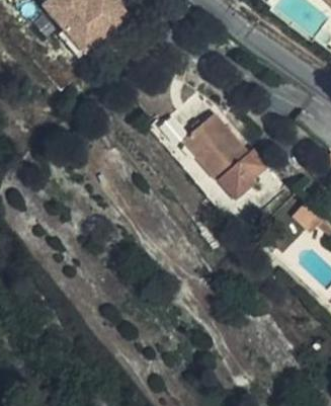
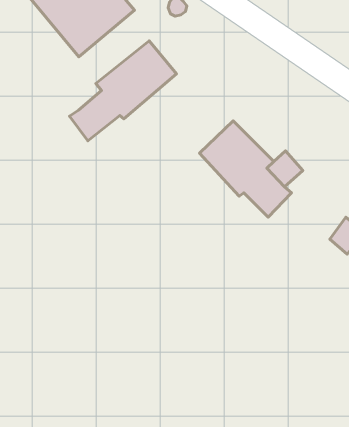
building: none -> [70,41,176,141]

